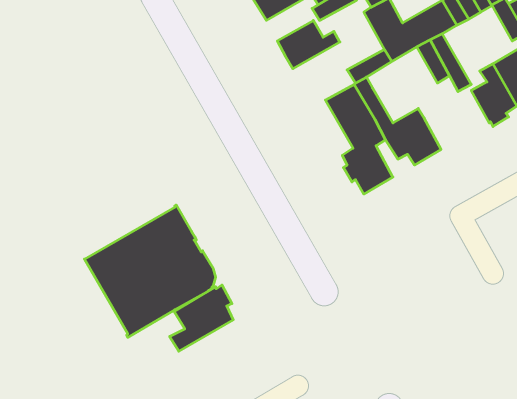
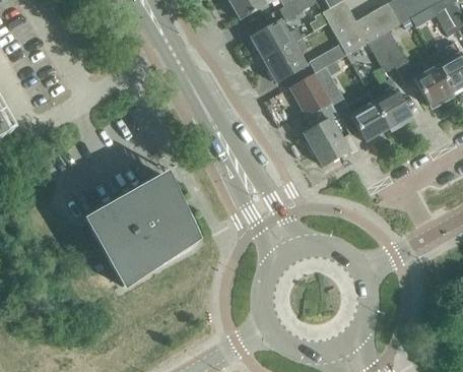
building: none -> [263,38,308,82]
building: none -> [374,78,411,128]
building: [170,285,233,351] -> none

